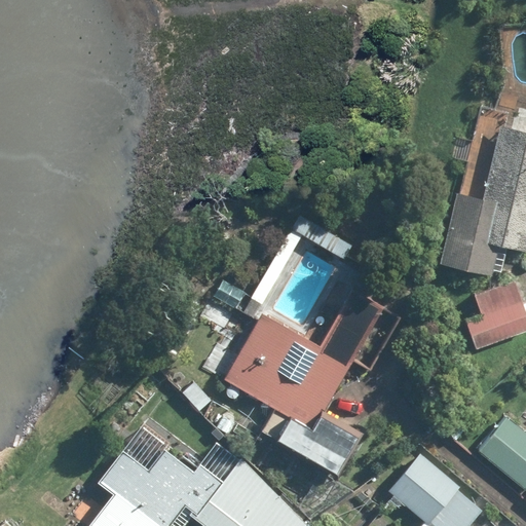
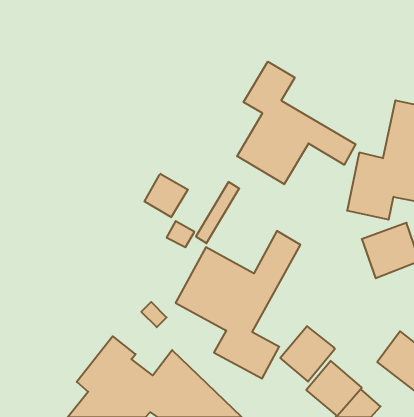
building: none -> [237,62,356,184]
building: none -> [144,174,188,217]
building: none -> [280,326,335,382]

